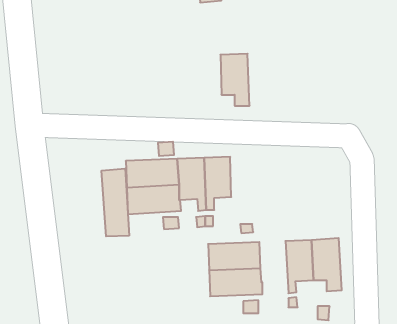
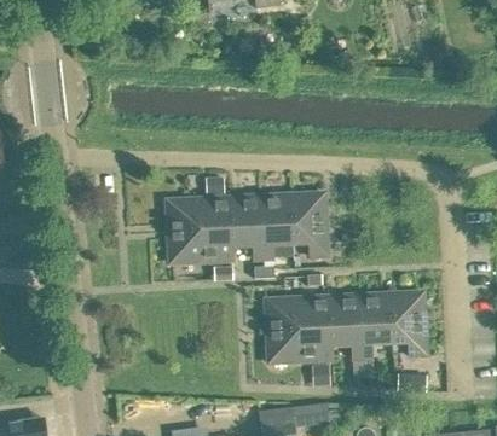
building: [220,54,250,106] -> [293,193,328,256]
building: [102,168,129,236] -> none
building: none -> [328,296,363,359]

